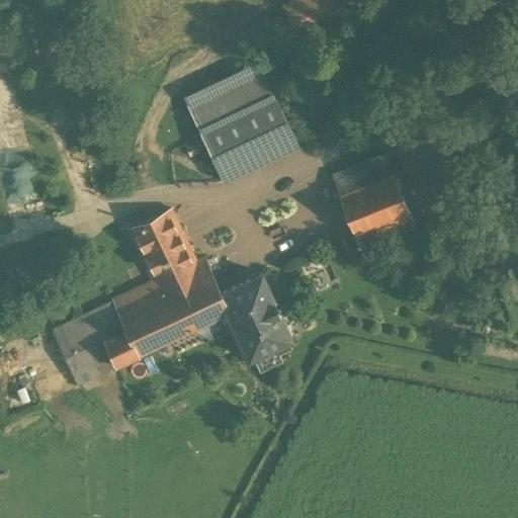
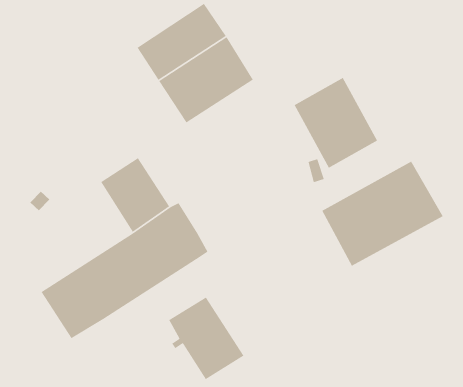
building: none -> [321,160,444,267]
building: [220,275,291,359] -> [168,296,245,380]

